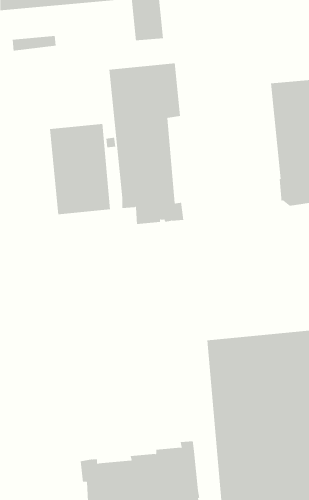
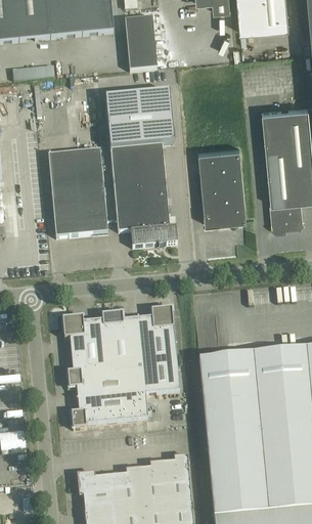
building: none -> [198,145,247,222]
building: none -> [62,306,180,427]

